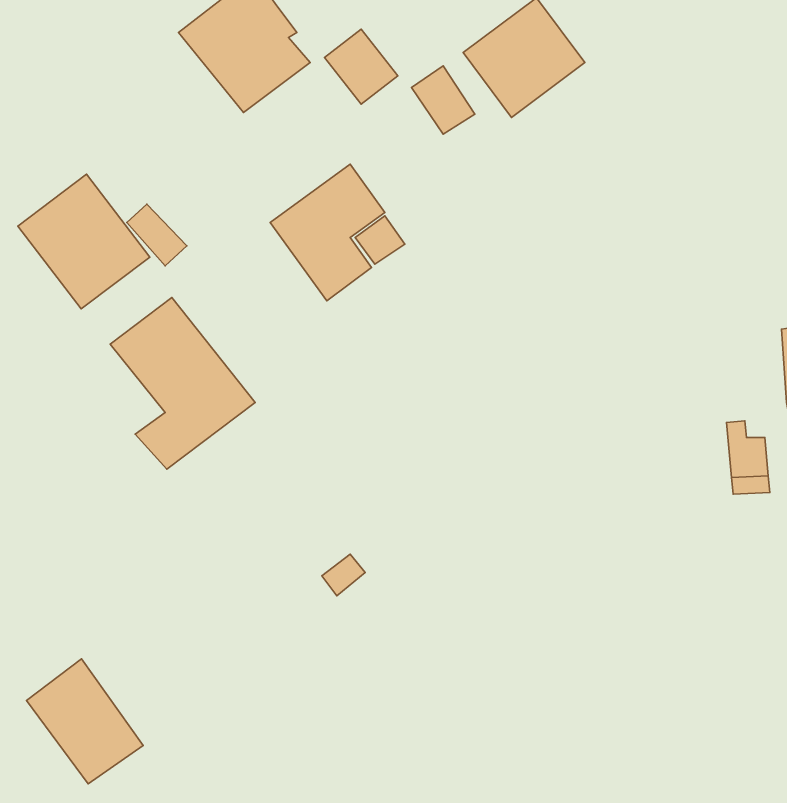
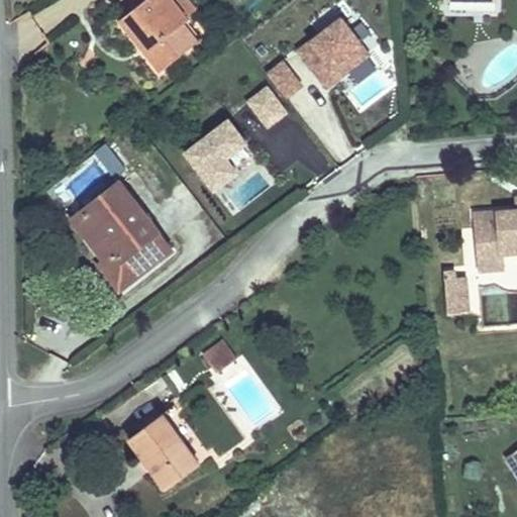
building: [324,29,398,104] -> [241,78,286,123]
building: [18,174,150,309] -> none
building: [27,659,143,784] -> [126,414,197,490]

